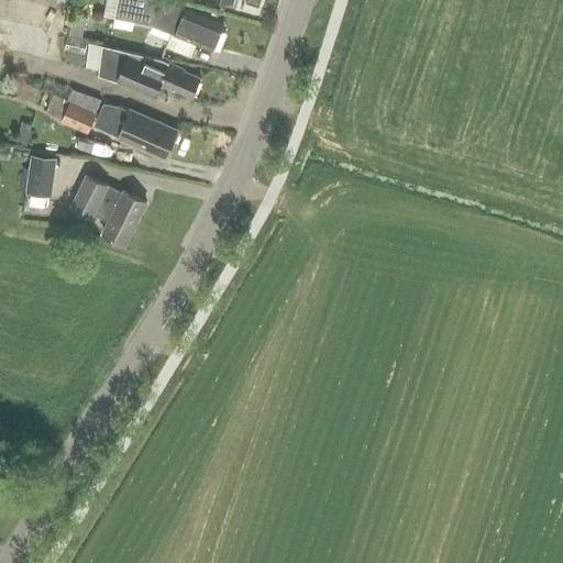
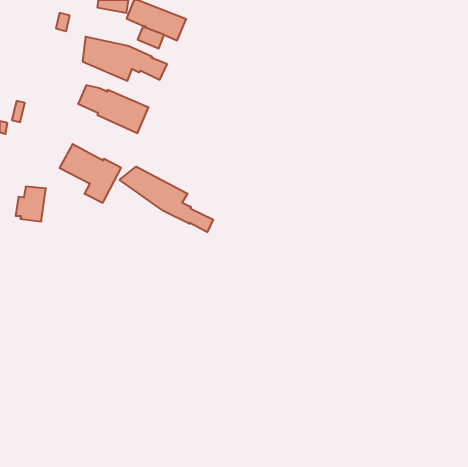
building: [46,91,100,133] -> none
building: [20,157,56,199] -> [16,187,46,221]
building: none -> [120,167,213,232]

